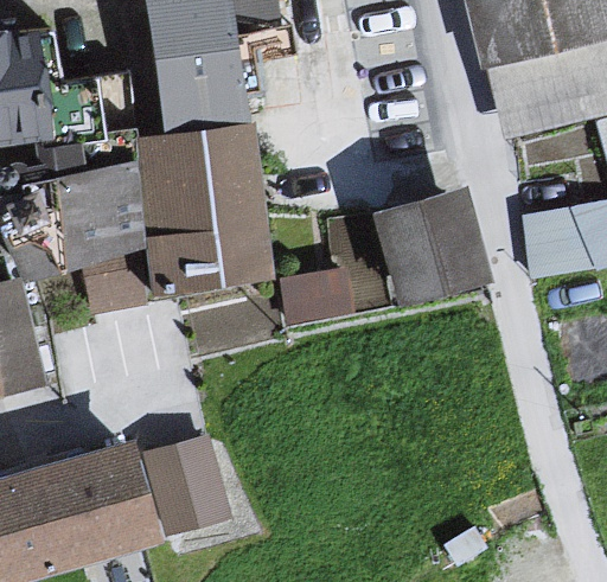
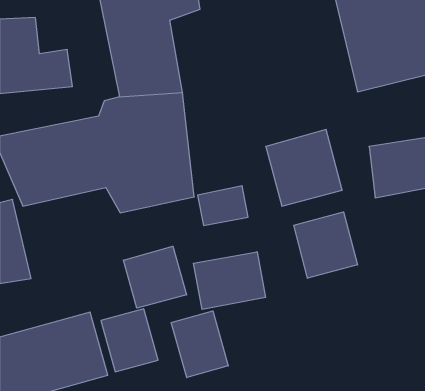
building: none -> [294,212,358,278]
building: none -> [123,246,187,308]
building: none -> [193,252,266,309]
building: none -> [171,311,228,378]

